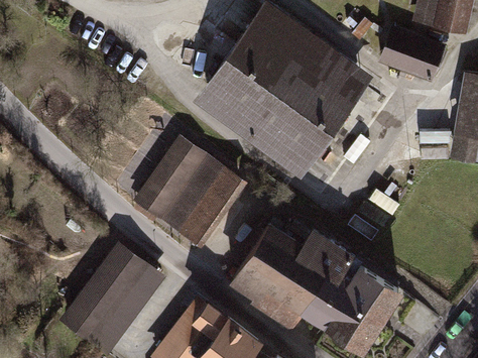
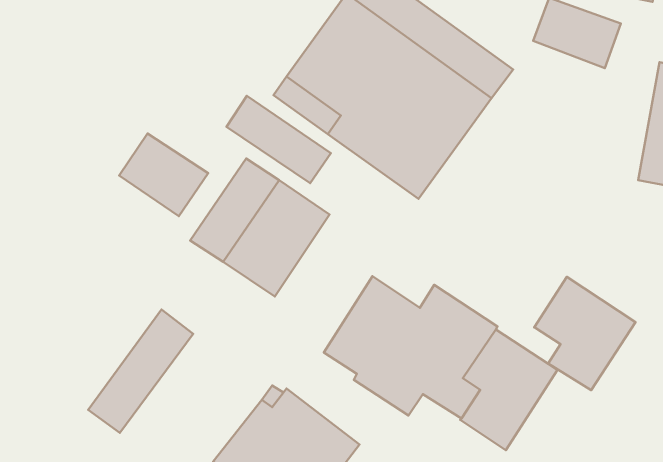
building: none -> [227,96,331,183]
building: none -> [119,133,208,216]
building: none -> [534,277,636,390]
building: [92,265,159,348] -> none

